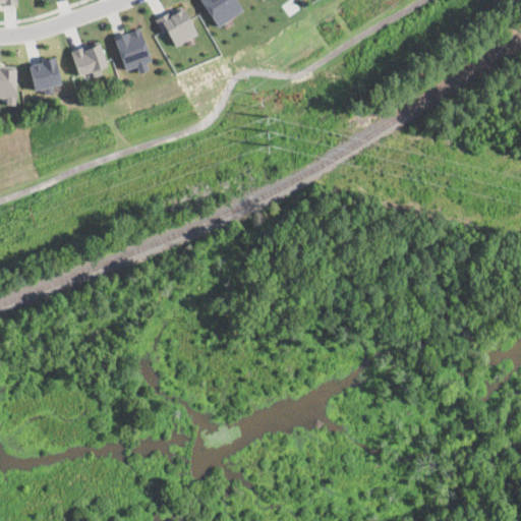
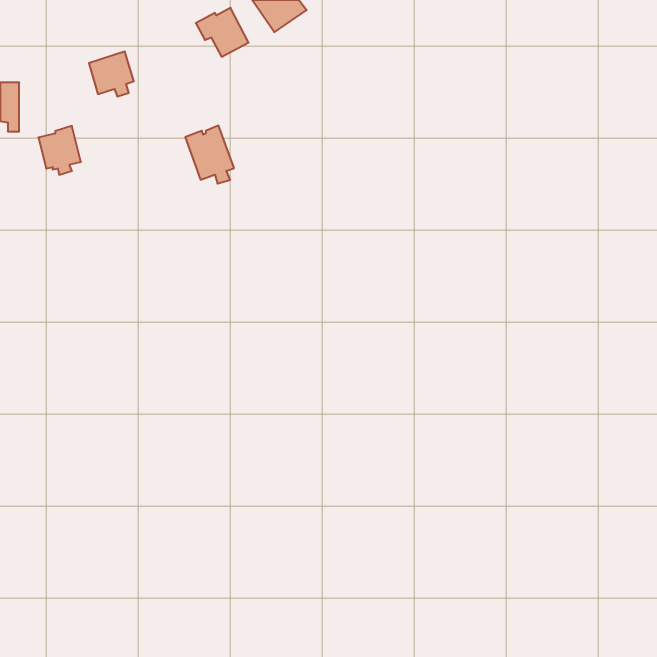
building: [114,27,153,73] -> [185,126,234,184]
building: [28,56,62,95] -> [38,126,81,175]

